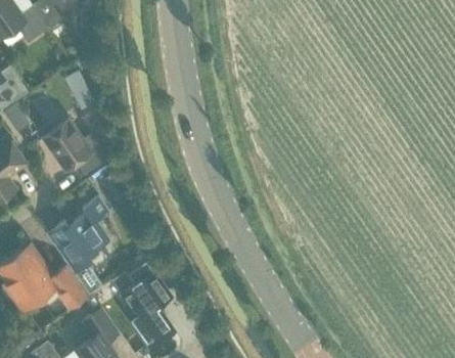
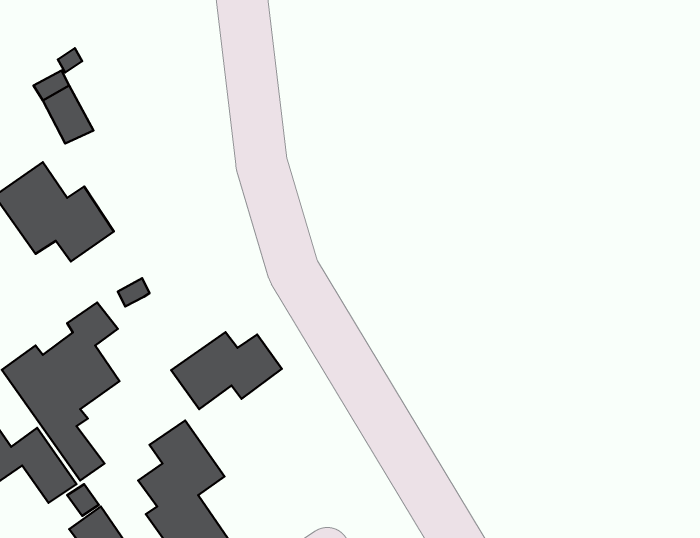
building: none -> [171,332,282,409]

